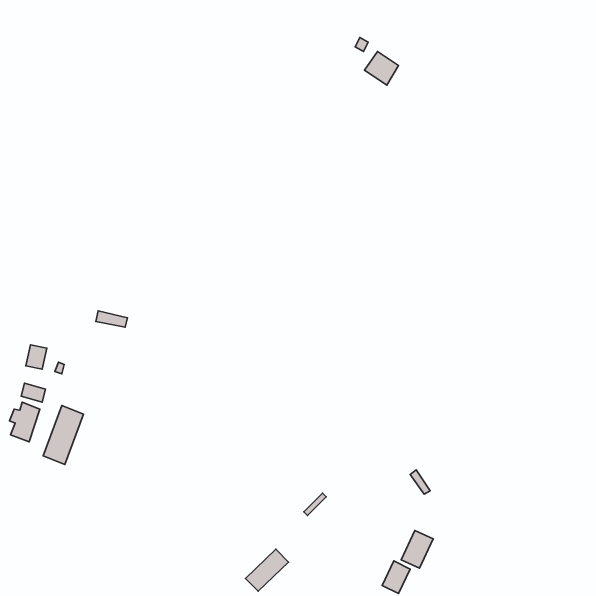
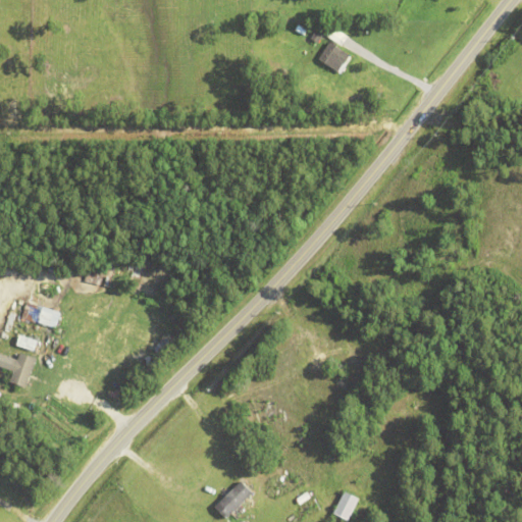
building: [43,405,84,464] -> none
building: [401,531,433,568] -> none

